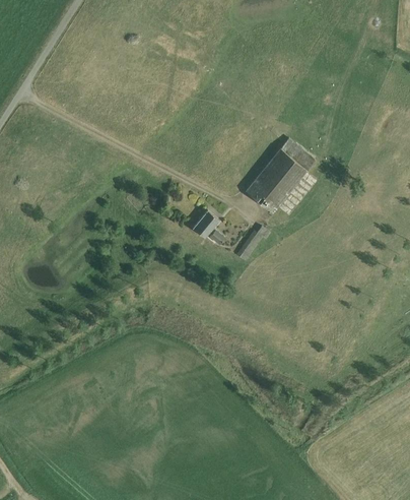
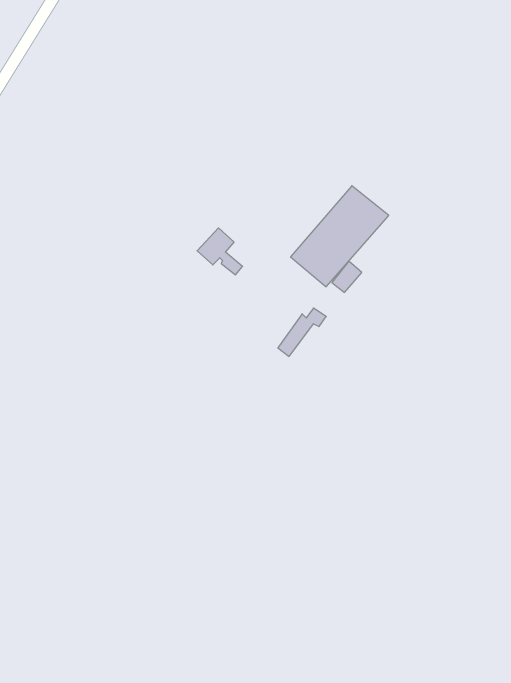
building: [192,211,224,245] -> [197,228,243,275]

